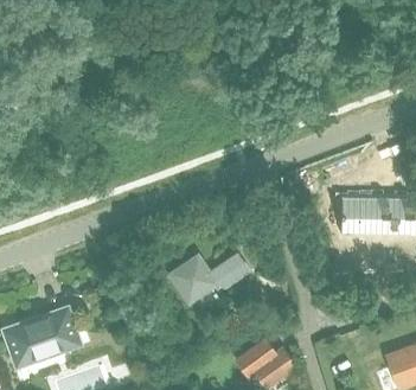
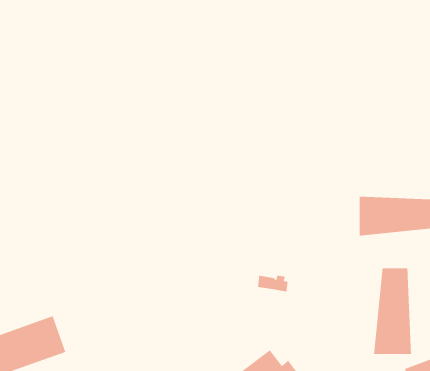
building: [172,256,247,300] -> none
building: none -> [373,268,412,355]

